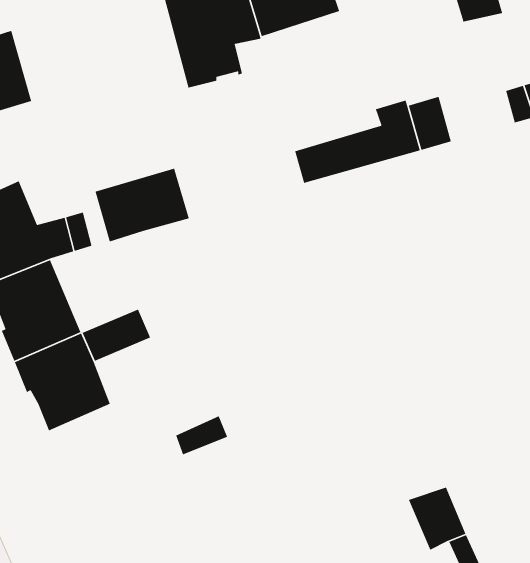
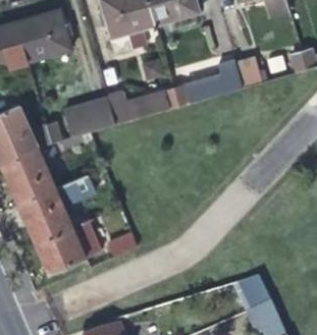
building: none -> [16,7,70,59]
building: none -> [107,87,178,124]
building: none -> [34,221,99,273]

